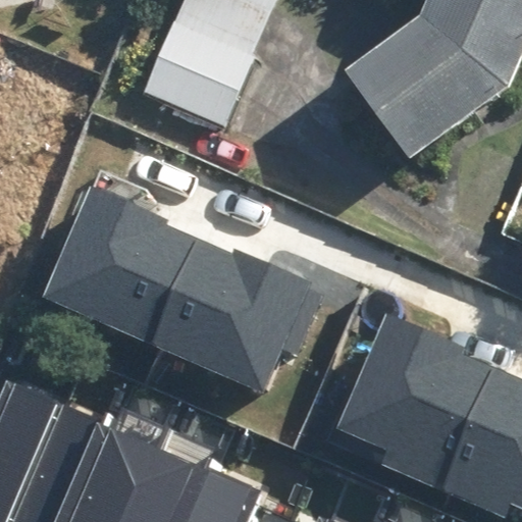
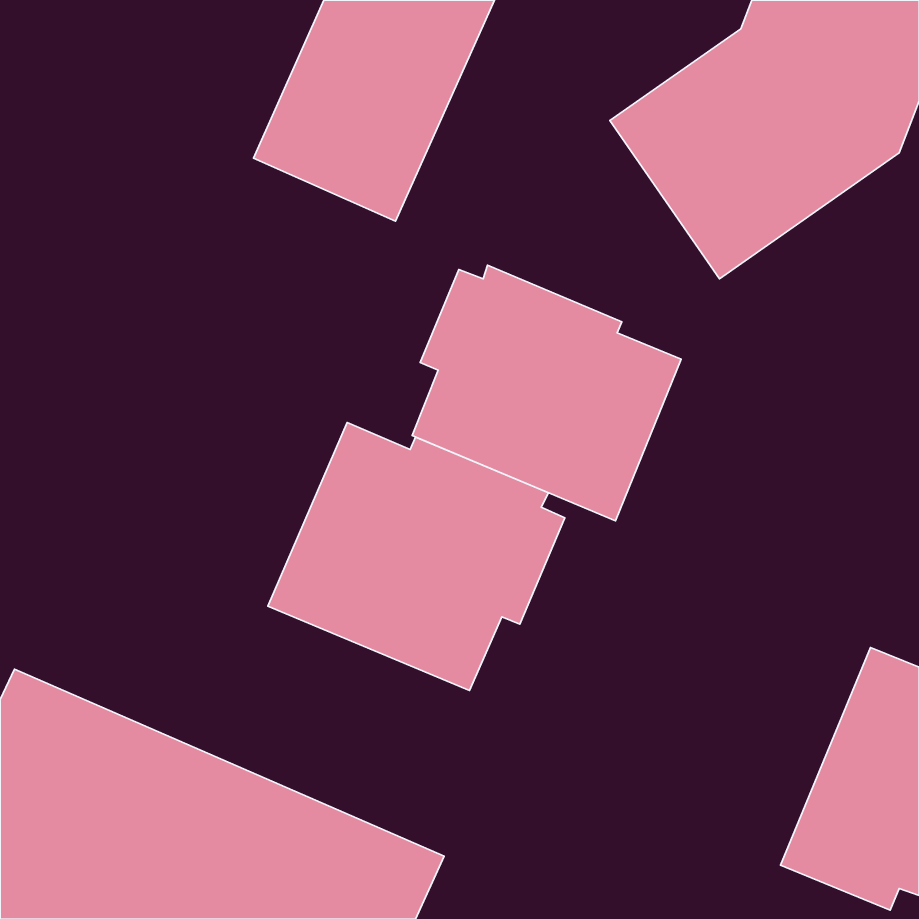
building: none -> [412,265,681,521]
building: [44,186,197,344] -> none
building: [336,313,493,490] -> none

